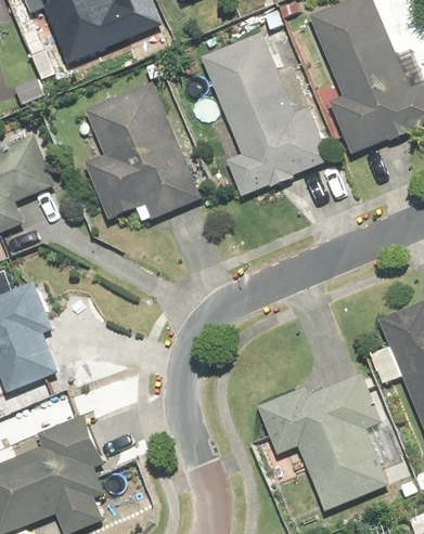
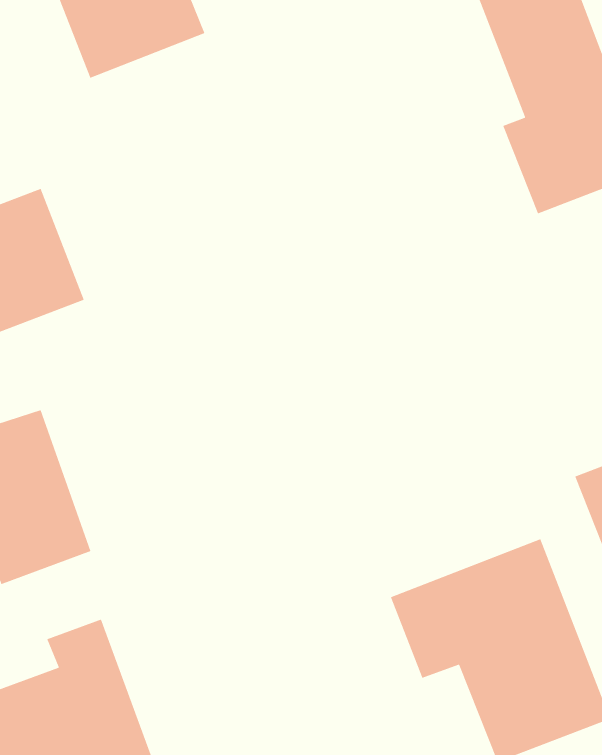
building: [200,26,330,195] -> none
building: [80,77,201,220] -> none

